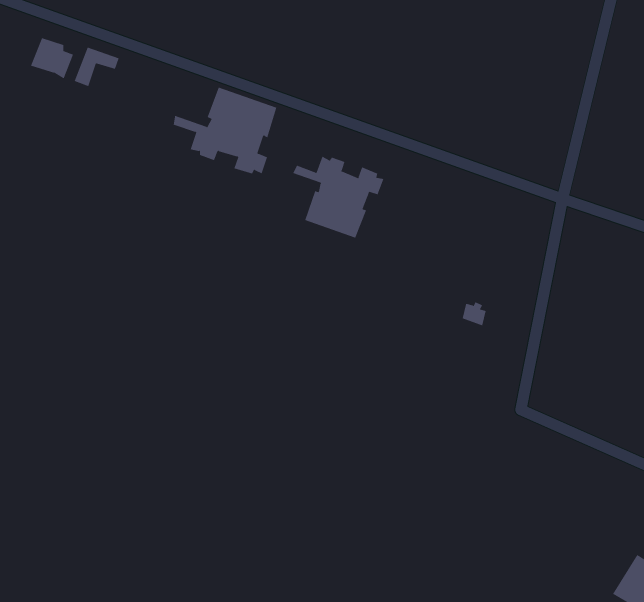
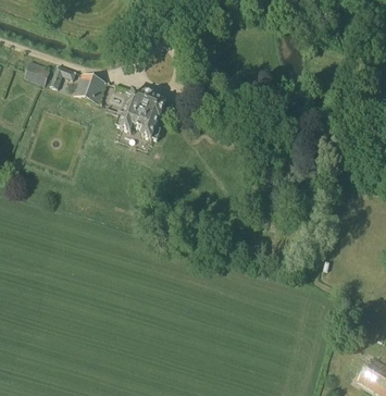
building: none -> [74,75,104,104]
building: [292,156,384,239] -> none

